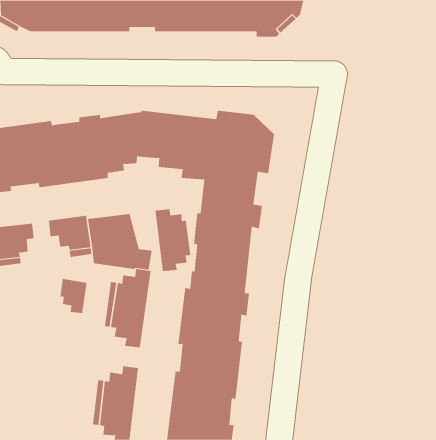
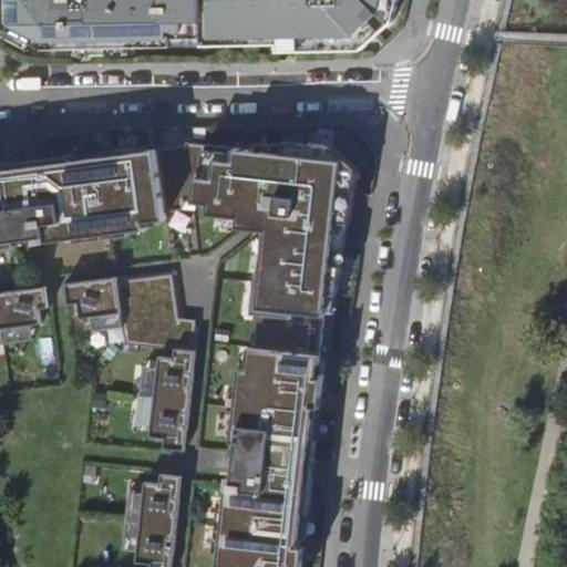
building: [155,209,191,272] -> none
building: [60,278,87,314] -> none

